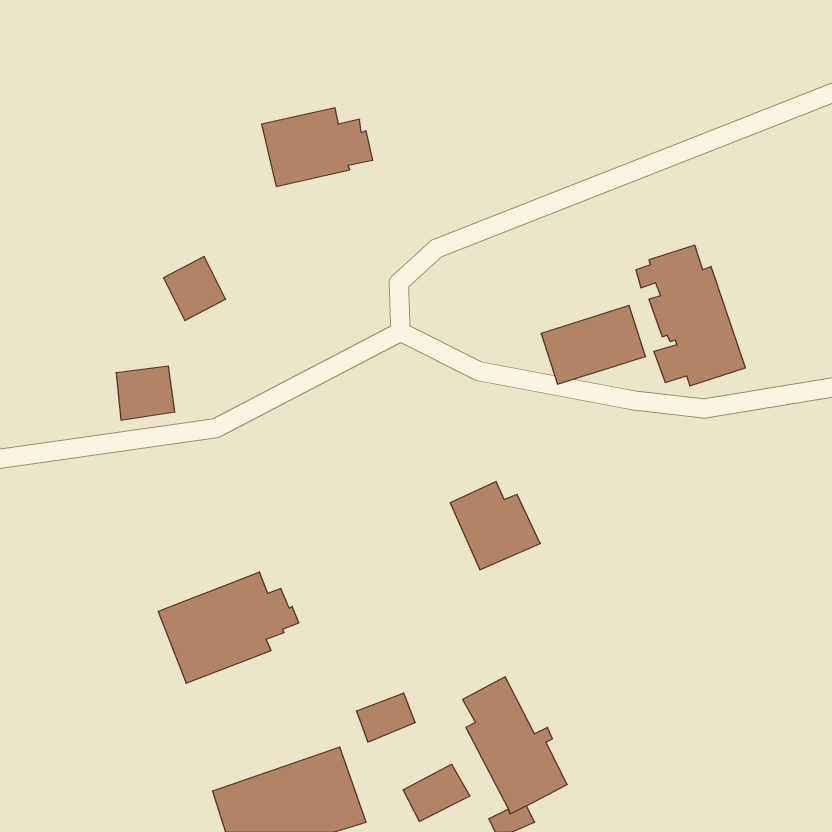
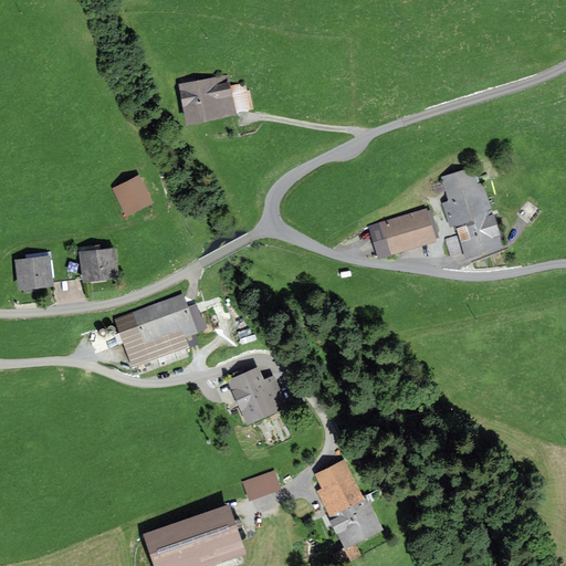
building: none -> [13,254,53,291]
building: [450,482,540,570] -> [227,366,287,426]
building: [158,572,299,683] -> [113,293,208,368]
building: [403,764,470,821] -> none

